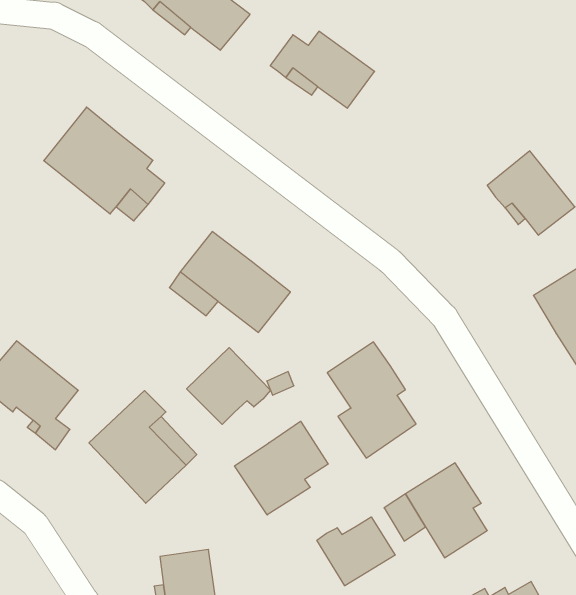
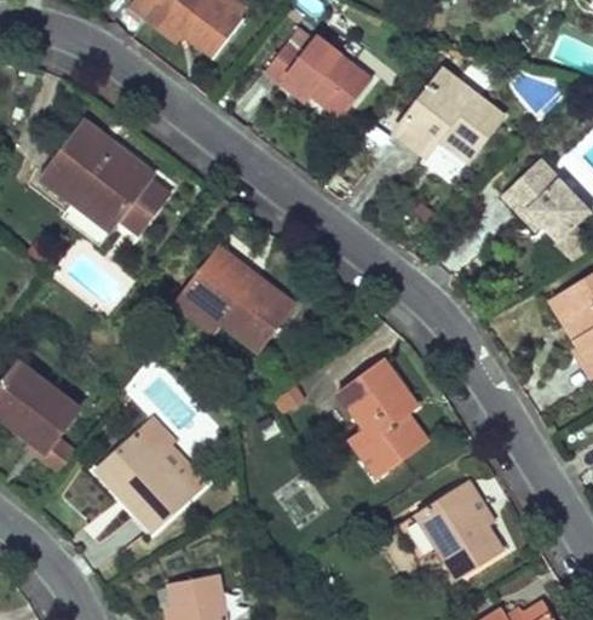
building: none -> [396,73,501,161]
building: [187,348,271,424] -> none
building: [235,421,328,515] -> none
building: [317,517,395,586] -> none

